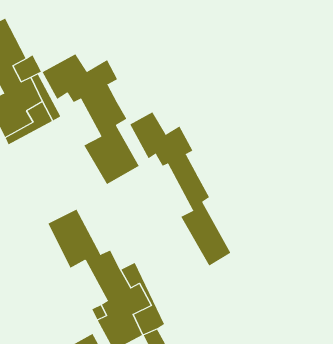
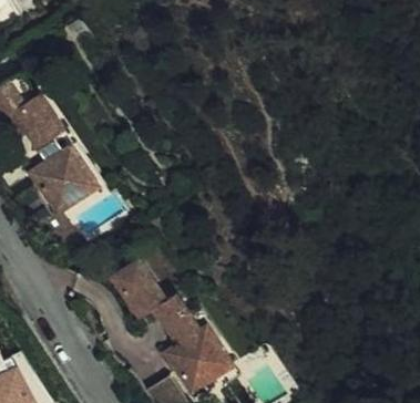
building: [42,53,139,185] -> none
building: [130,111,231,266] -> none

